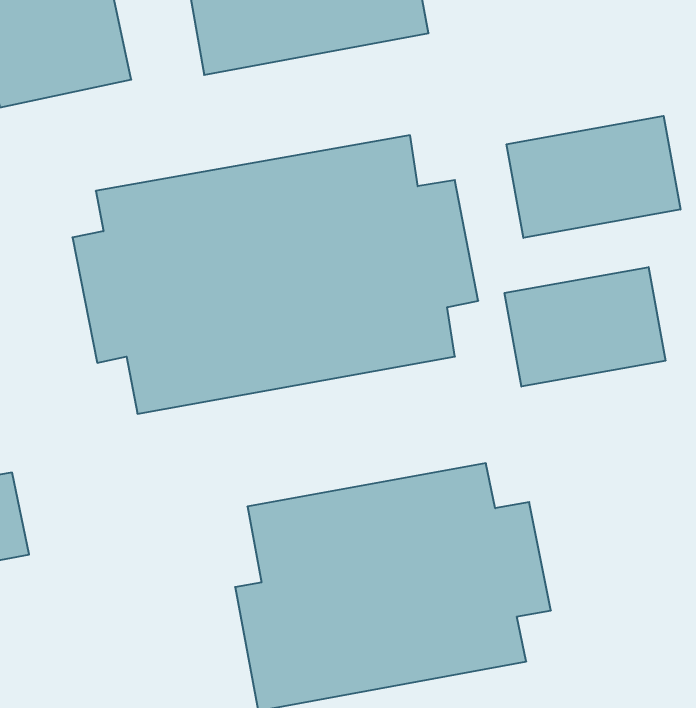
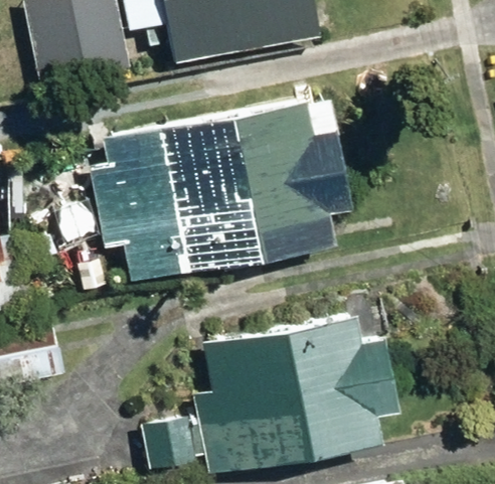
building: [507,116,680,238] -> none
building: [505,267,665,387] -> none

